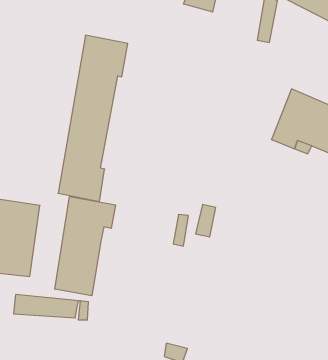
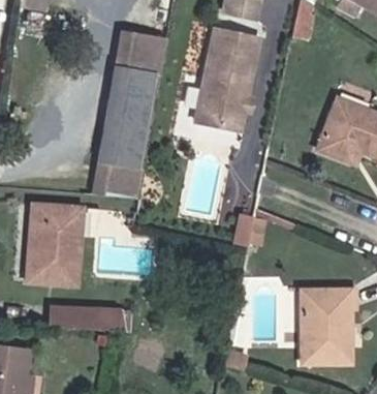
building: none -> [198,29,258,127]
building: [55,197,116,296] -> none
building: none -> [305,284,359,364]

